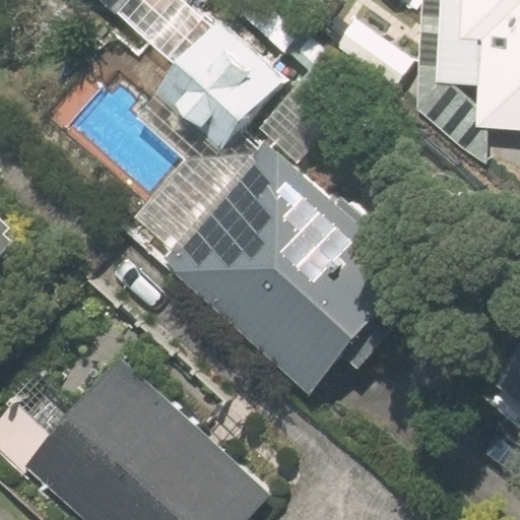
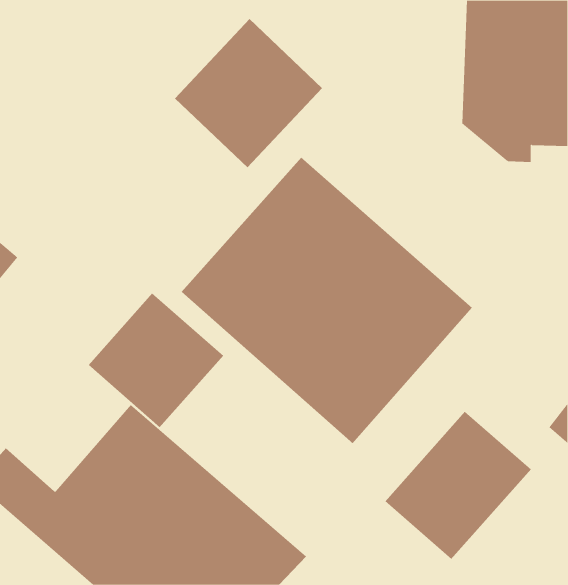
building: none -> [88,293,224,428]
building: none -> [384,411,532,560]

